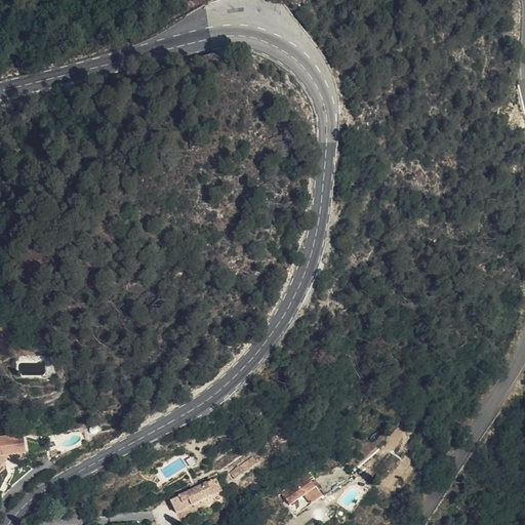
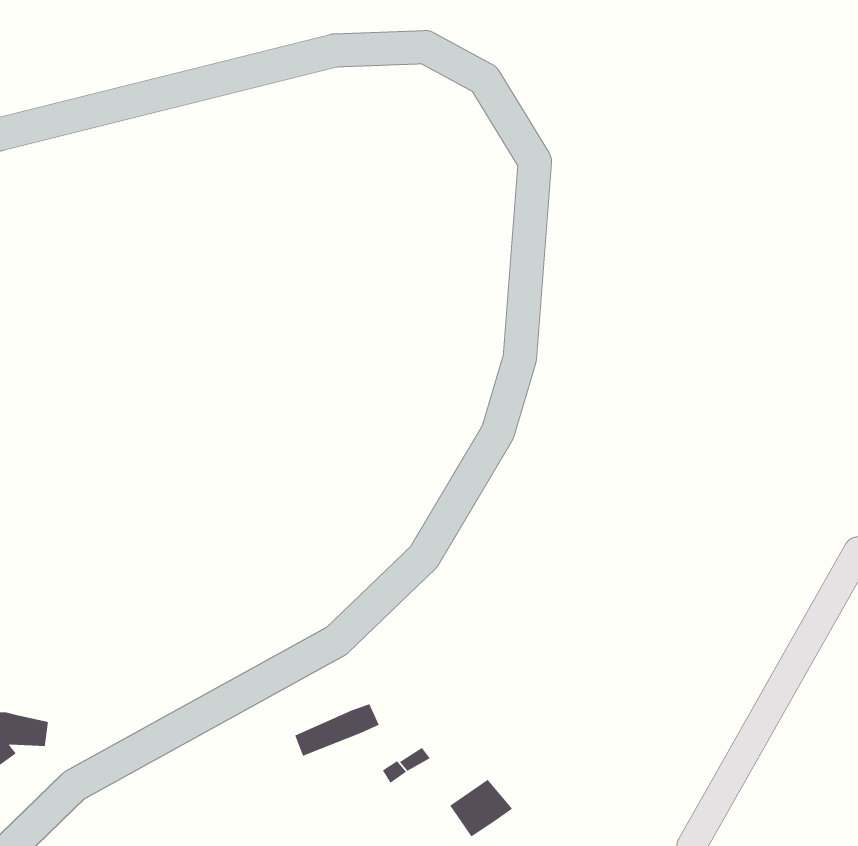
building: [171,478,224,511] -> [294,703,380,757]

